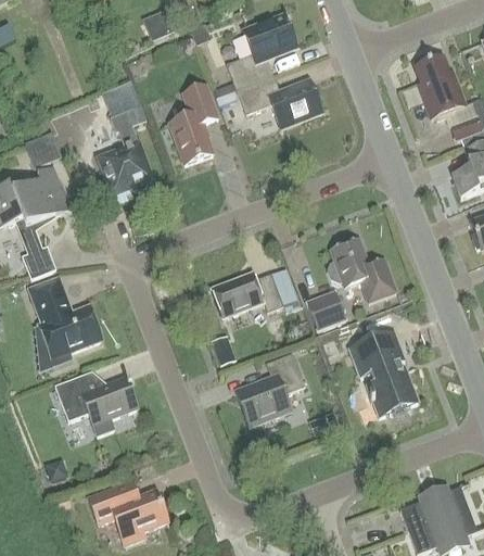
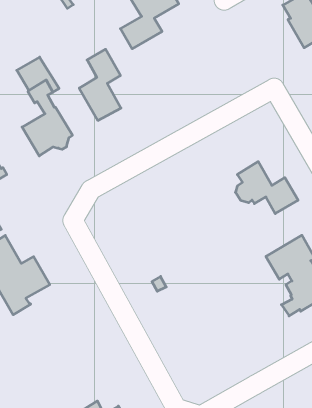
building: [237,75,322,127] -> none
building: [212,271,283,317] -> none
building: [305,296,347,333] -> none
building: [235,353,305,426] -> none
building: [55,374,138,434] -> none

